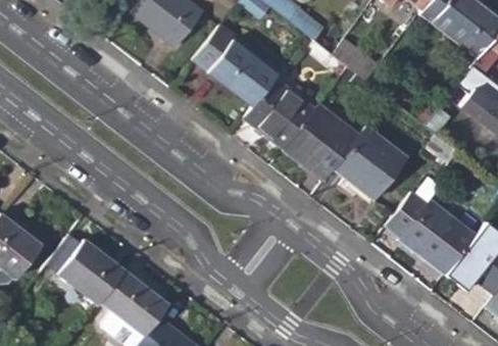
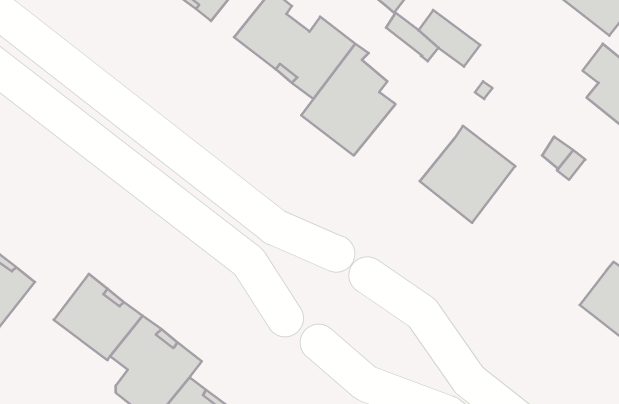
building: [284,105,360,181] -> none
building: [387,194,476,275] -> none

